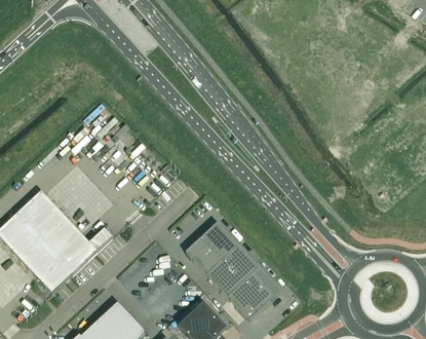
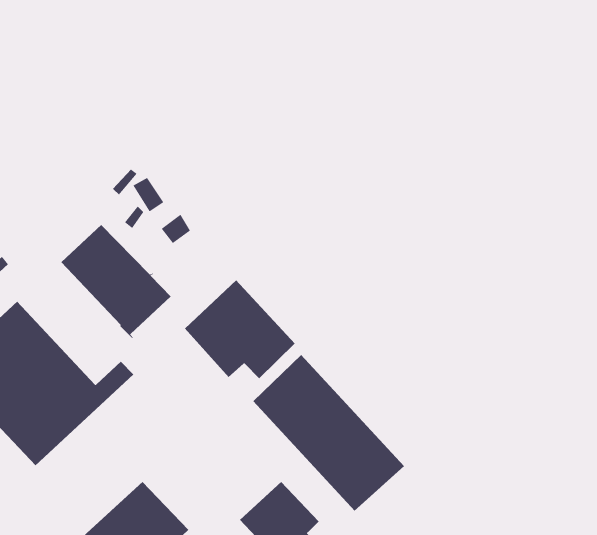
building: none -> [60,224,172,339]
building: none -> [184,279,296,379]

